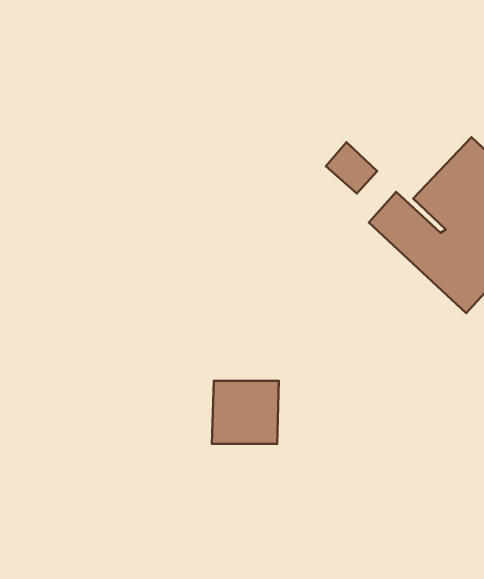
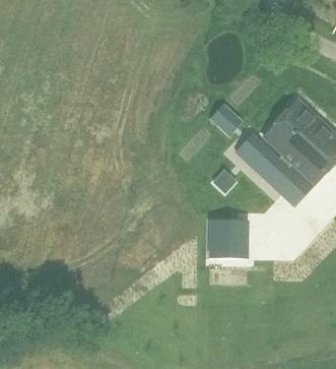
building: [212,381,279,444] -> [208,220,248,257]

